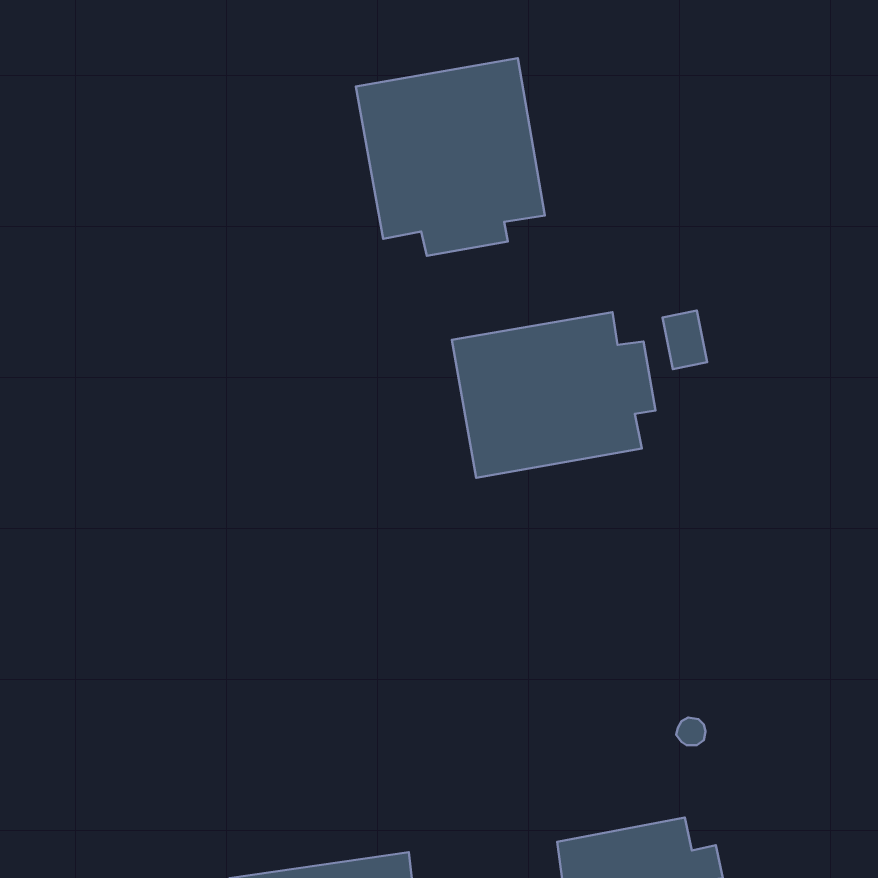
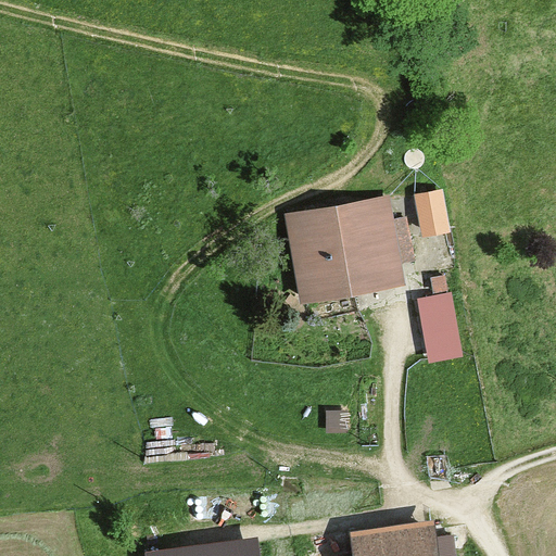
building: [356,58,545,256] -> none
building: none -> [417,281,458,356]

